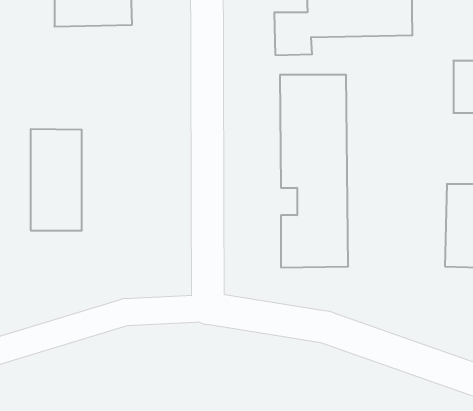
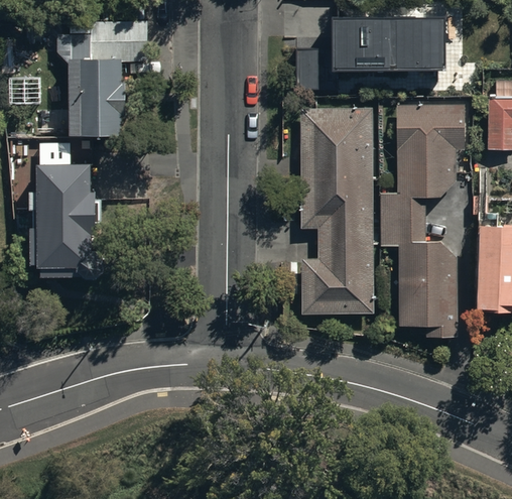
building: none -> [68,64,123,141]
building: none -> [380,104,466,337]

